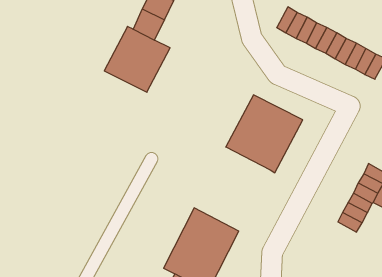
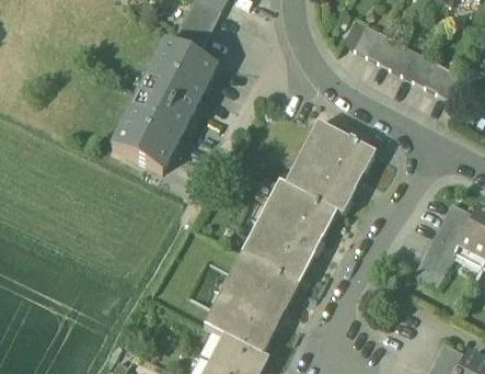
building: none -> [114,94,189,169]
building: none -> [245,184,335,284]

